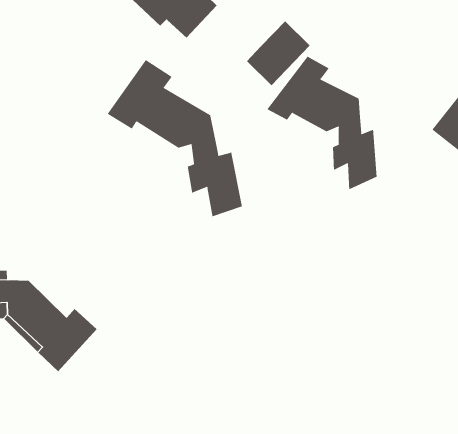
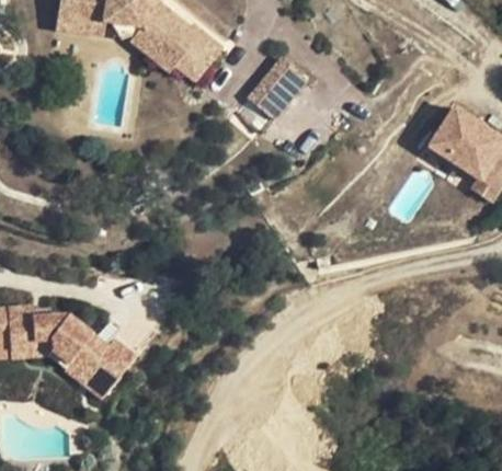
building: [267,56,377,190] -> none
building: [107,59,242,217] -> none

